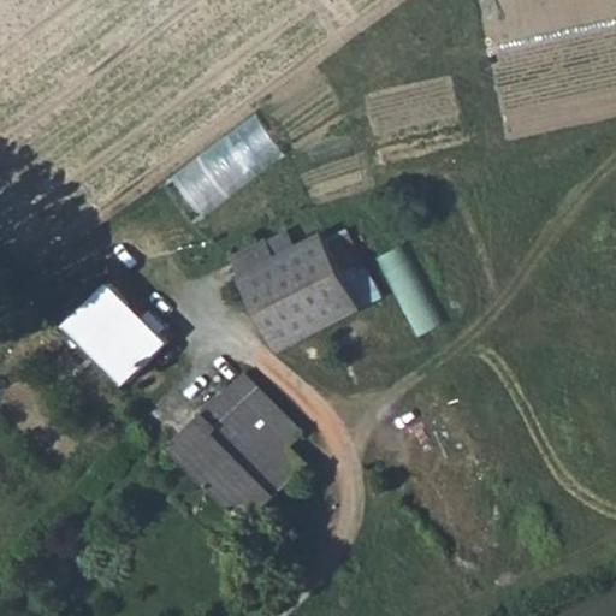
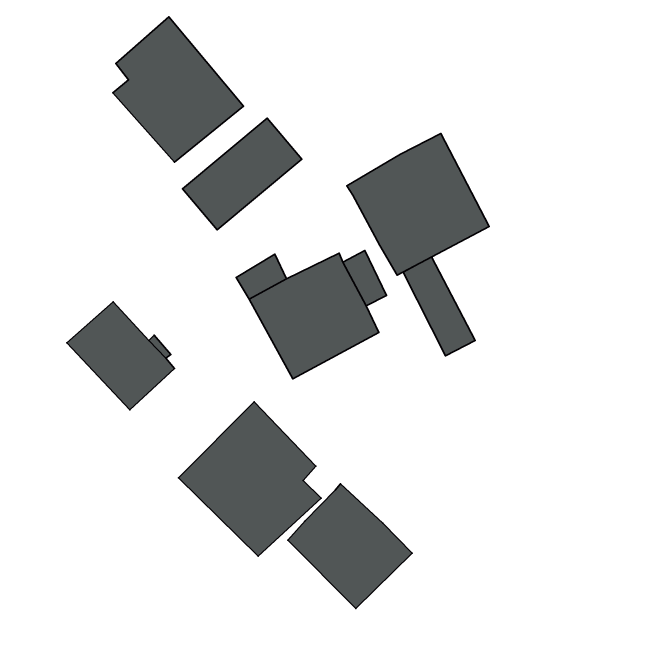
building: none -> [113,17,243,162]
building: none -> [347,134,489,275]
building: none -> [288,484,412,608]

